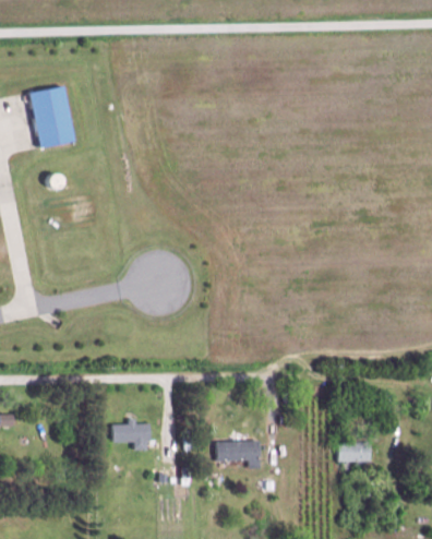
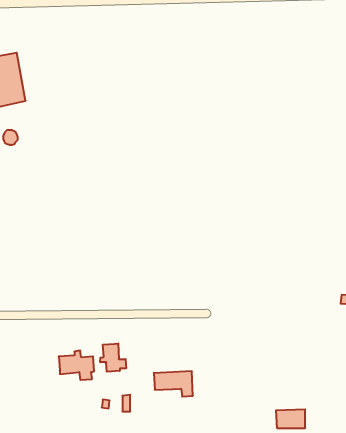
building: none -> [100,343,126,372]
building: [337,441,370,462] -> [276,409,305,428]

